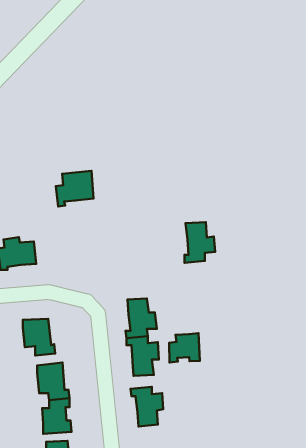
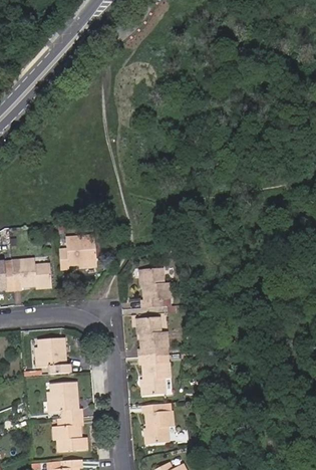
building: [56,171,94,207] -> [57,236,94,271]
building: [185,222,215,263] -> [134,269,165,309]
building: [169,333,200,363] -> none

